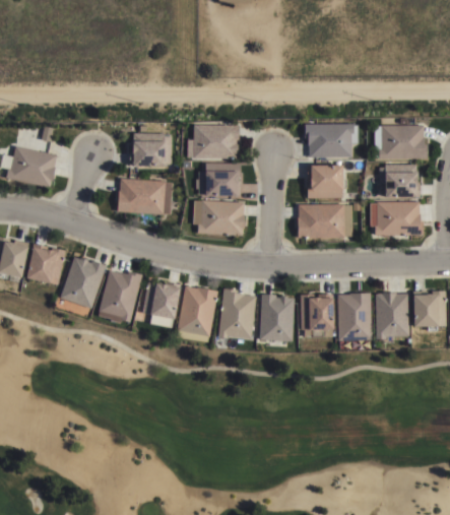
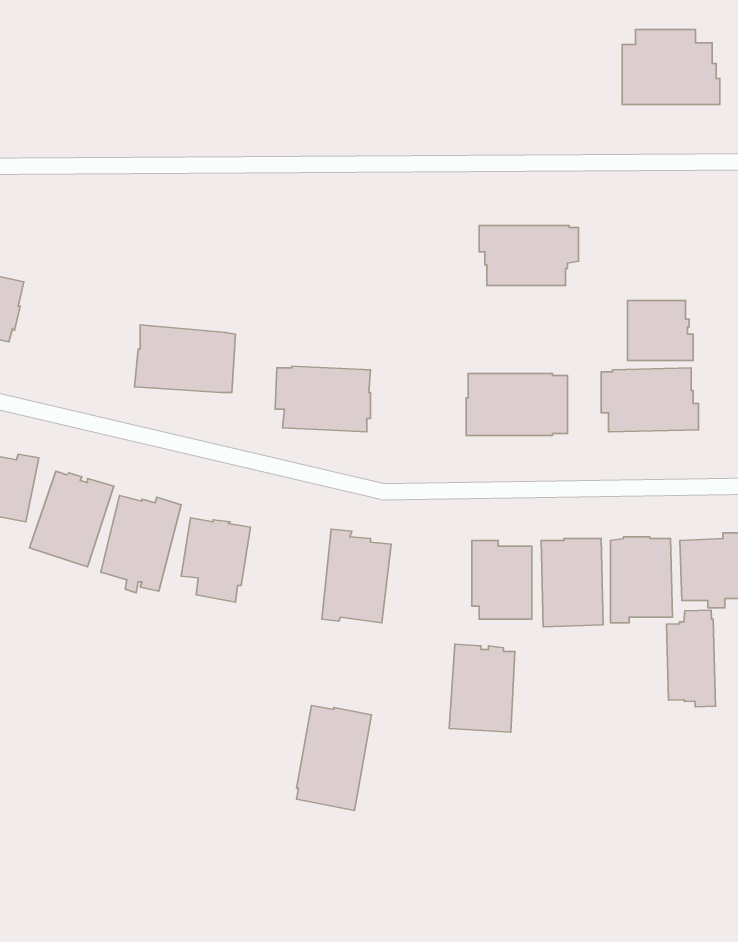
building: [374,118,427,158] -> [622,30,720,105]
building: [187,125,239,158] -> none
building: [129,133,172,166] -> none
building: [196,163,241,196] -> none
building: [306,165,345,198] -> none
building: [177,286,217,343] -> [296,706,371,811]
building: [259,295,295,342] -> [449,644,515,732]
building: none -> [666,610,716,707]

